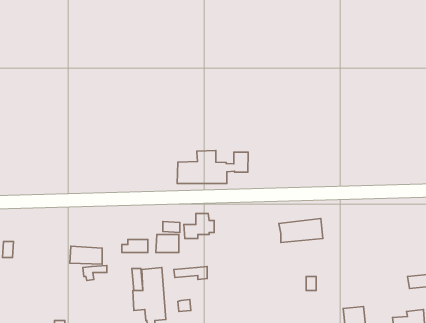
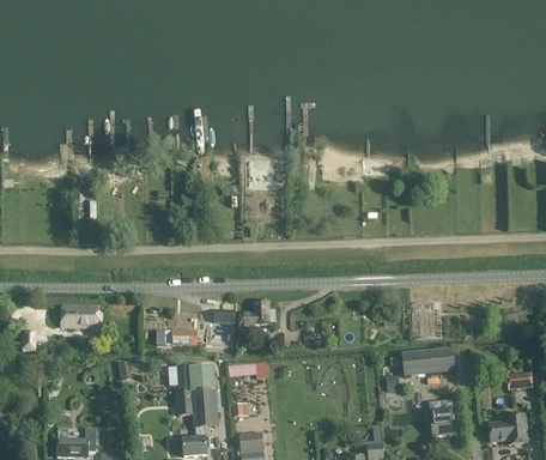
building: [177,151,248,184] -> none
building: [279,218,323,242] -> [401,346,454,375]
building: [70,246,102,264] -> [61,302,99,323]

